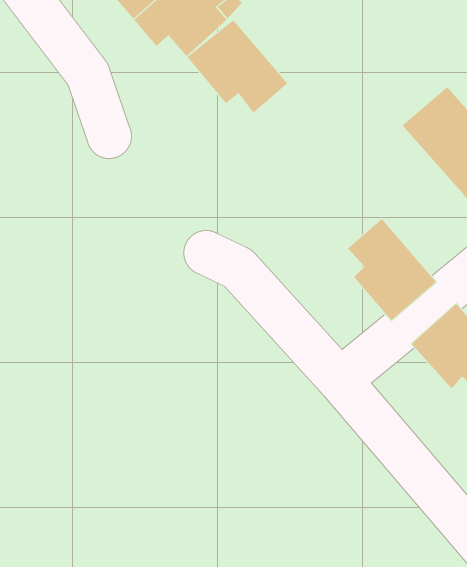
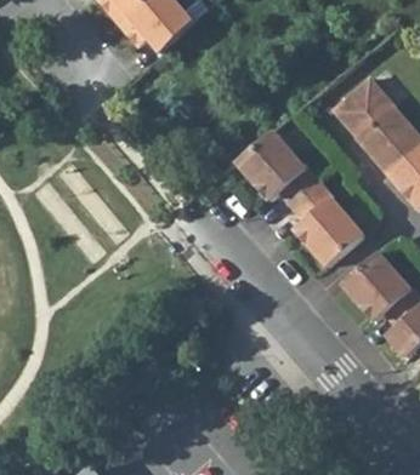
building: [186,19,288,113] -> [235,131,317,206]

